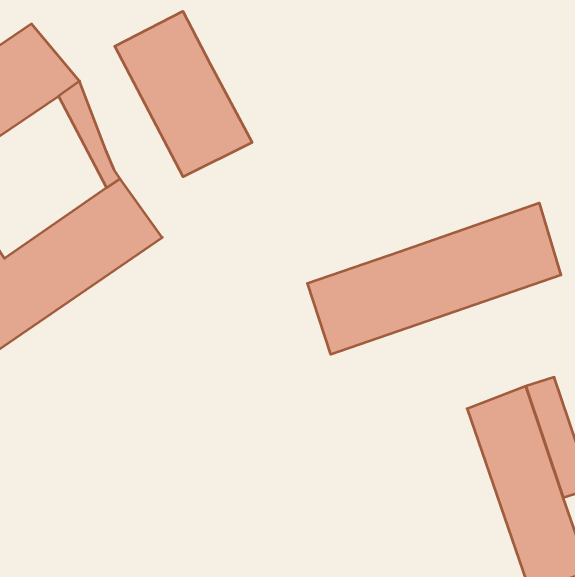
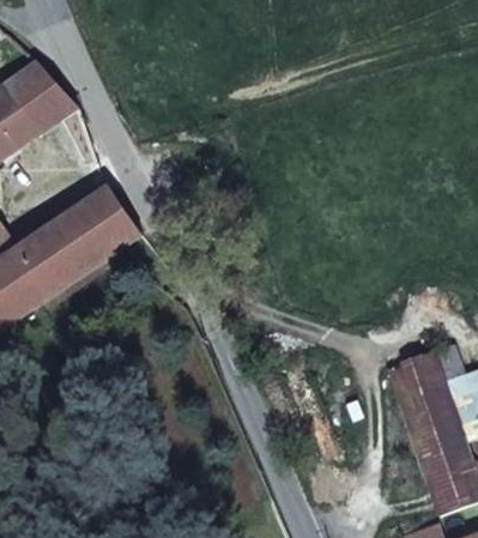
building: [115,11,252,177] -> none
building: [307,203,561,354] -> none

